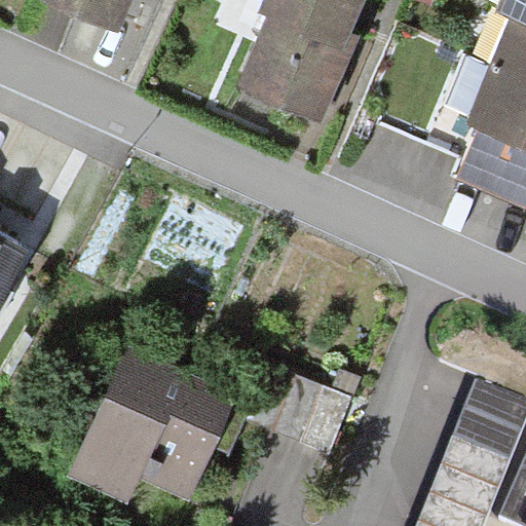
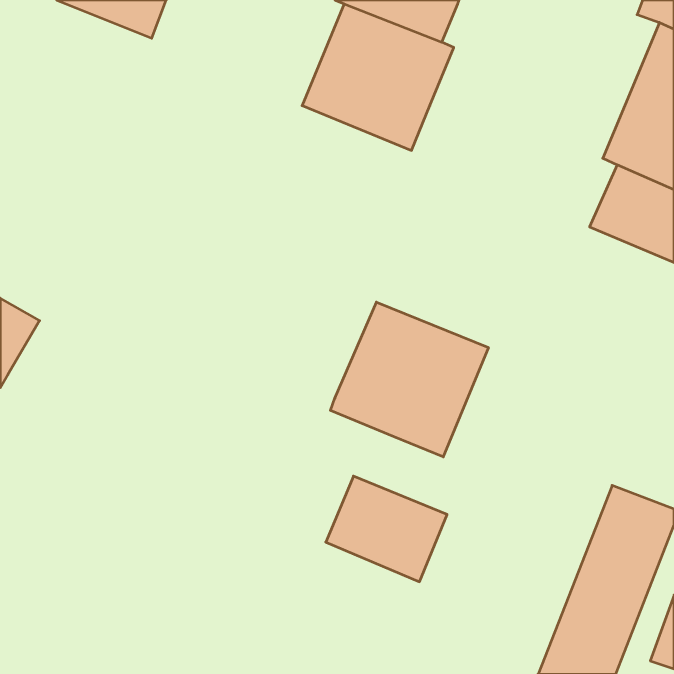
building: none -> [330,302,488,457]
building: [69,340,240,505] -> none

